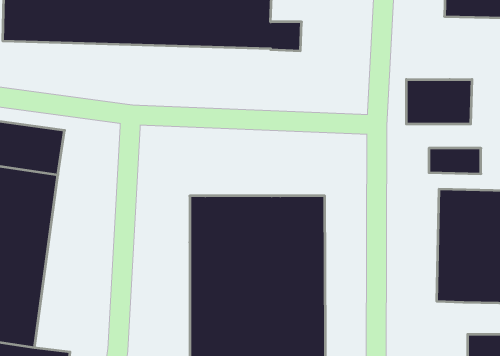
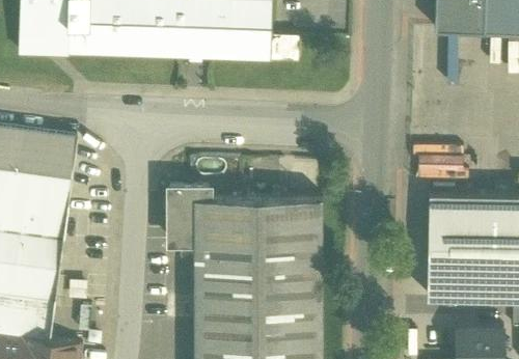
building: [406,79,472,124] -> none
building: none -> [169,187,210,242]

